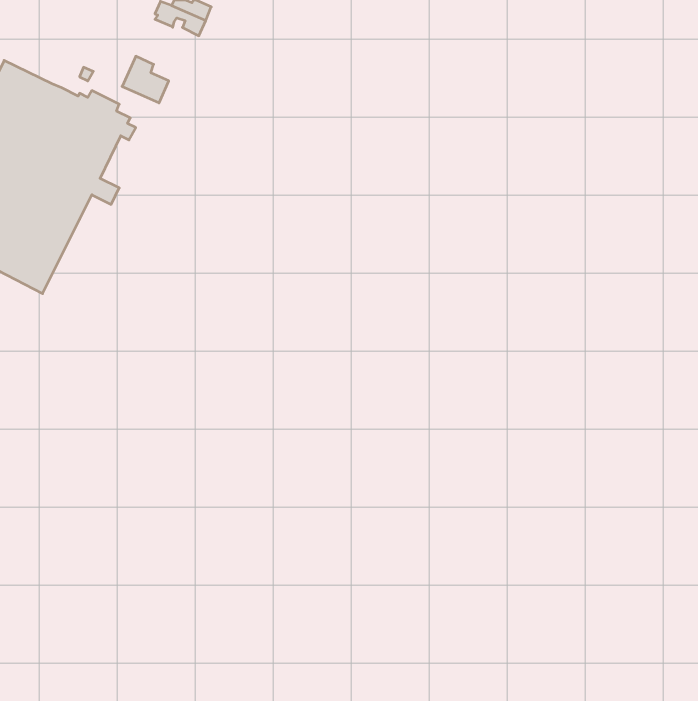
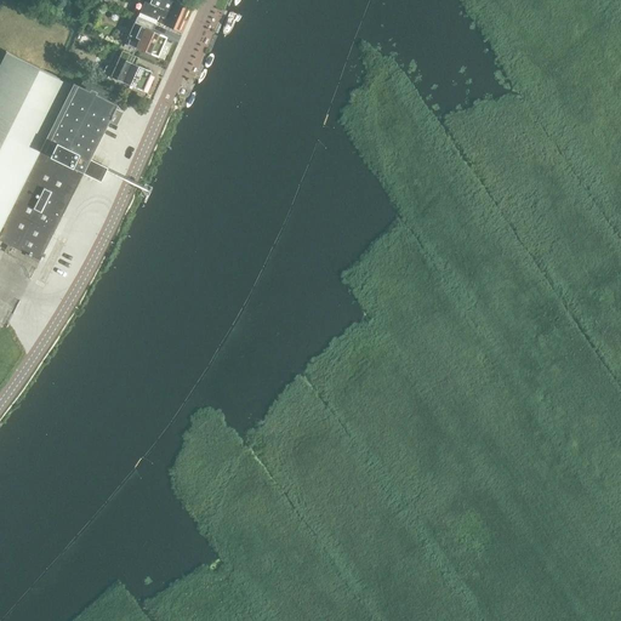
building: none -> [126,16,165,57]

